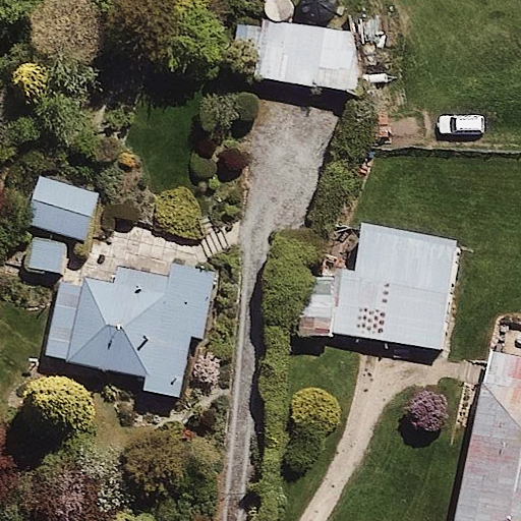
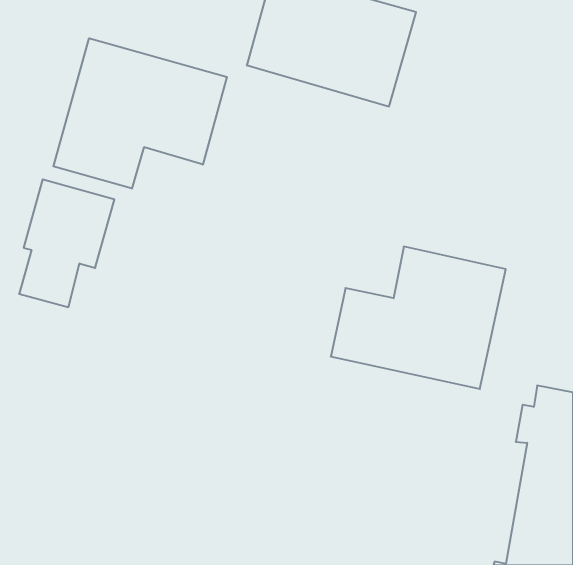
building: none -> [53,38,227,189]
building: [37,253,223,397] -> none

